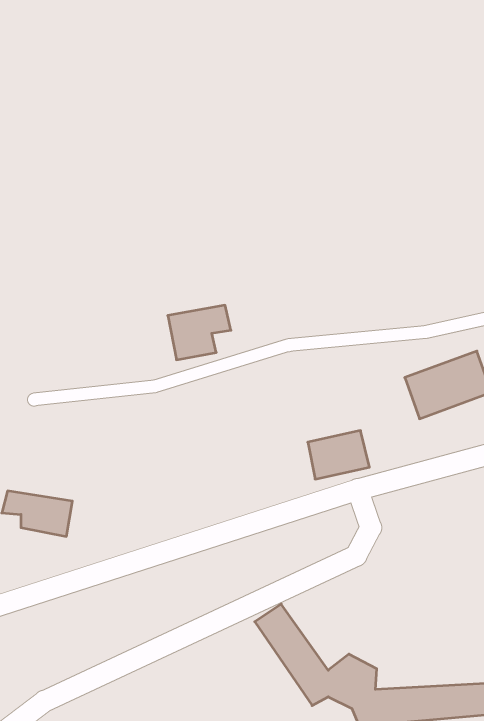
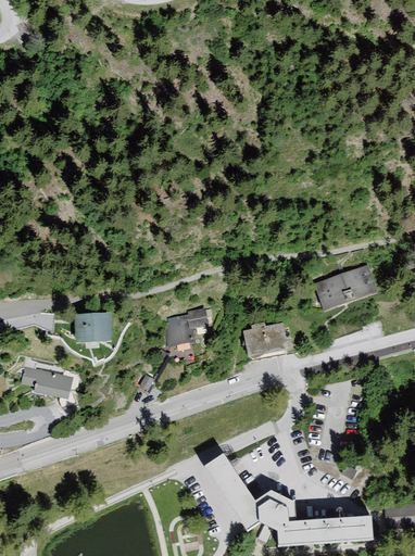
building: [168,305,231,360] -> [160,309,206,350]
building: none -> [76,315,116,344]

